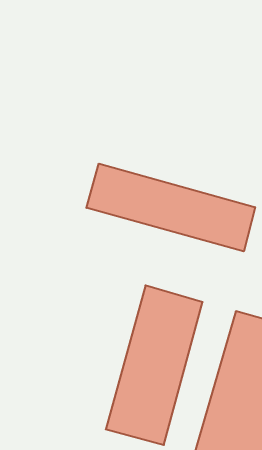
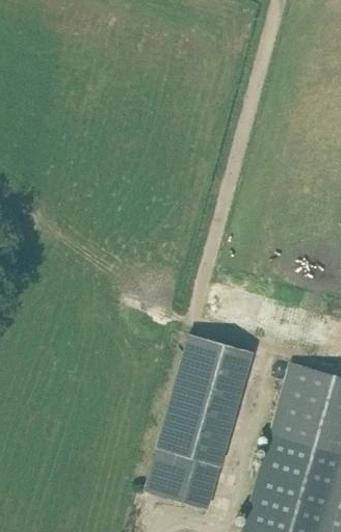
building: [86,164,255,251] -> none

